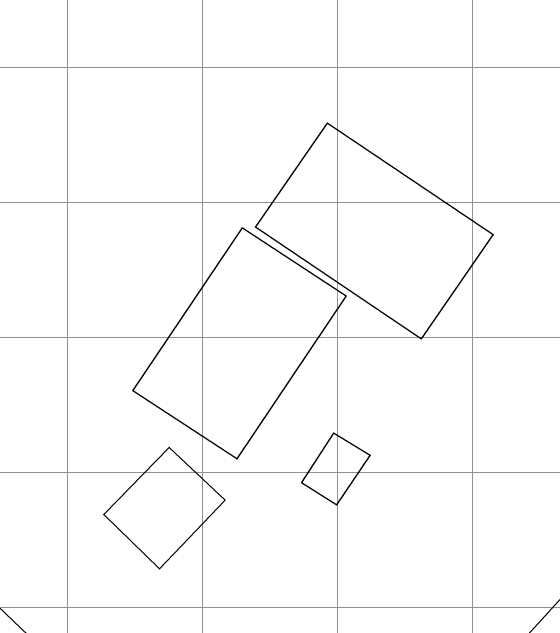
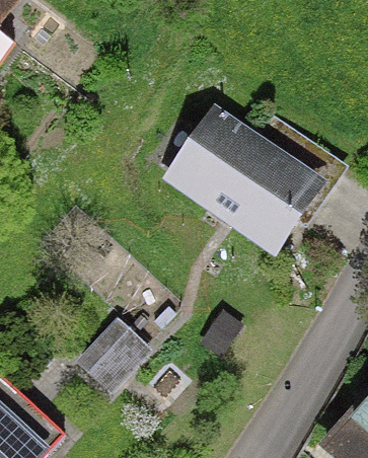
building: [133,228,346,459] -> none

